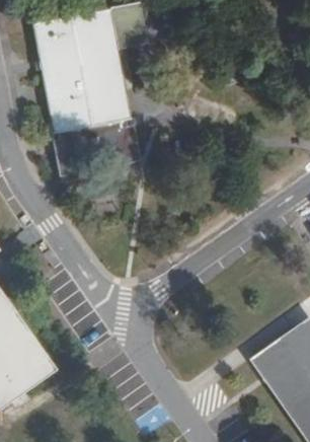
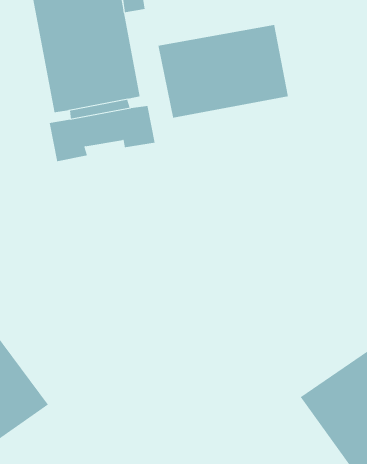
building: none -> [158,24,288,119]

